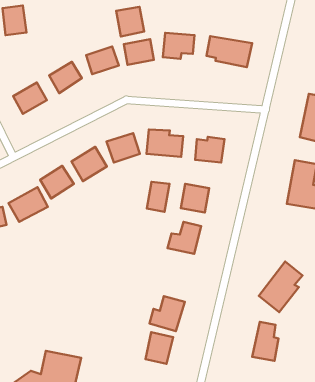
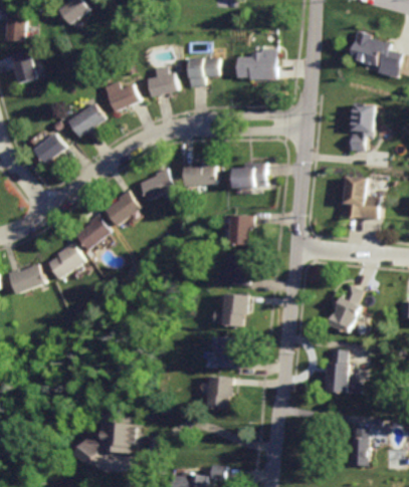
building: [116,7,144,37] -> none
building: [147,182,169,212] -> none
building: none -> [222,294,246,325]

